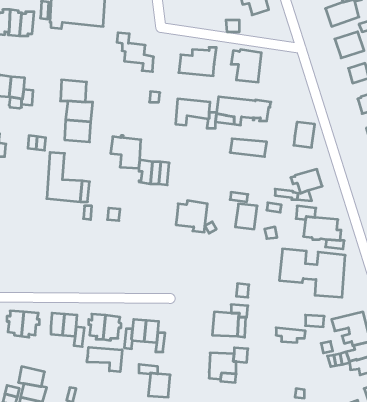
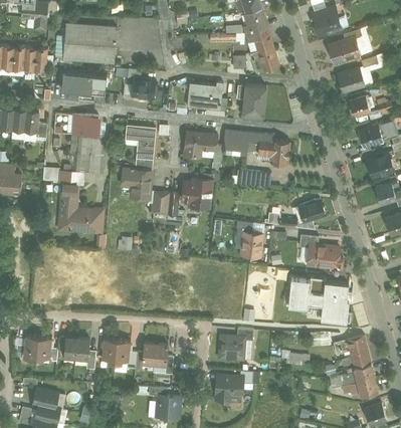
building: none -> [249,46,278,73]
building: none -> [59,70,105,93]
building: none -> [125,126,154,159]
building: [294,122,315,147] -> [269,140,289,164]
building: [176,201,207,232] -> [181,177,211,207]
building: [87,347,122,372] -> none

